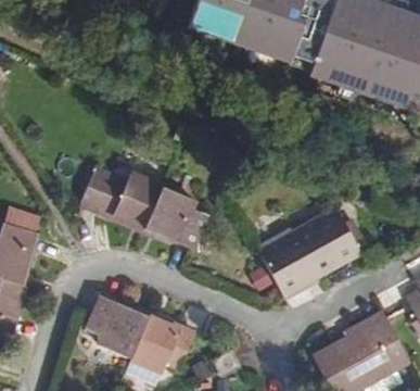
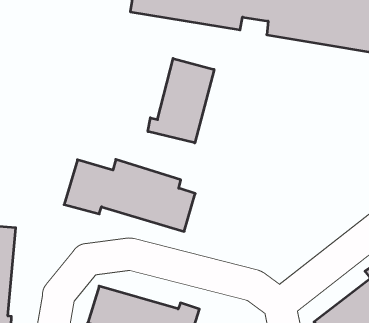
building: none -> [148,58,214,143]
building: [256,212,361,304] -> none

